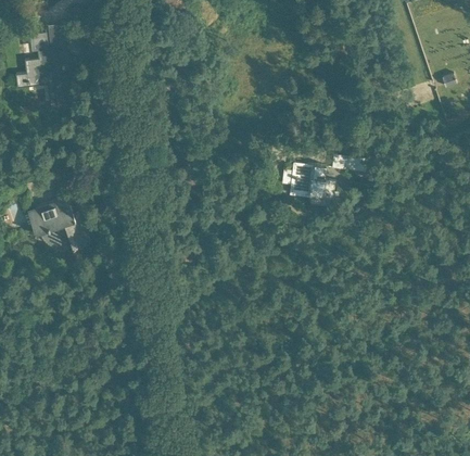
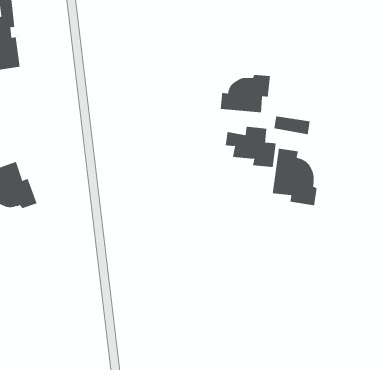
building: none -> [220,74,271,113]
building: none -> [272,148,317,206]

